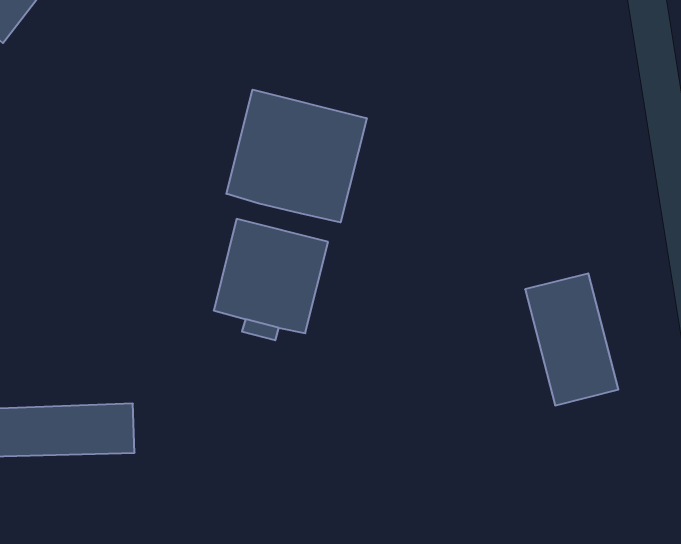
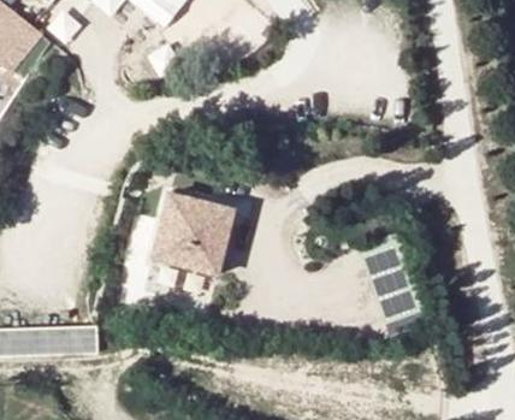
building: [226,90,367,222] -> none

